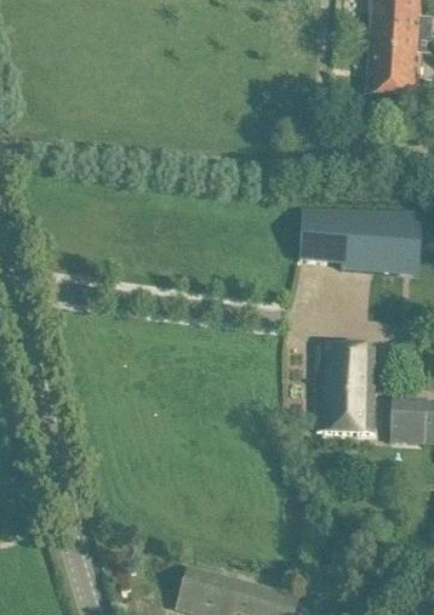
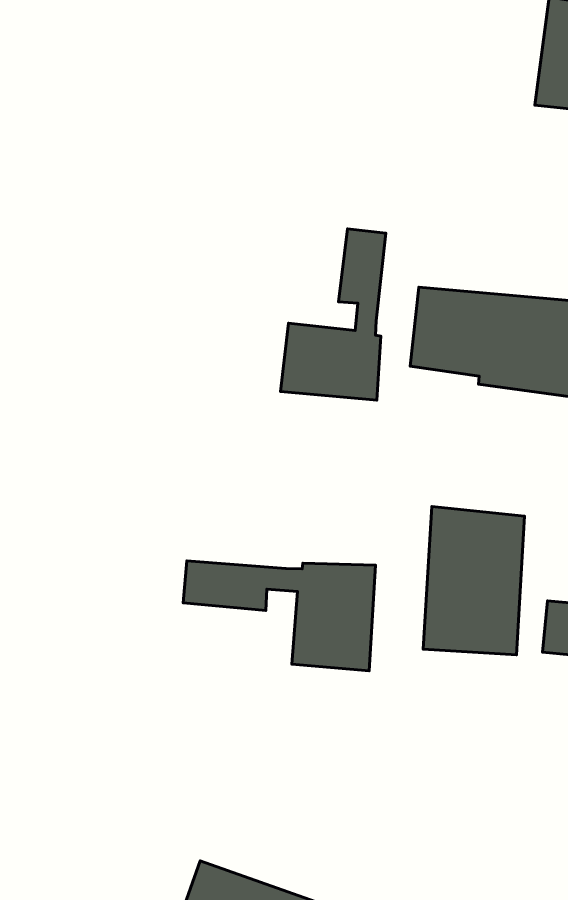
building: none -> [280,229,386,400]
building: none -> [183,561,375,671]

